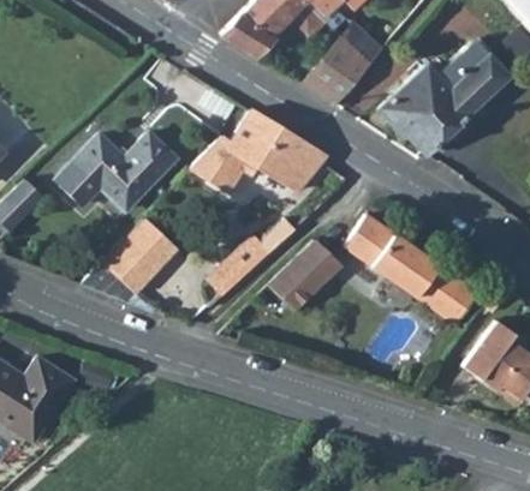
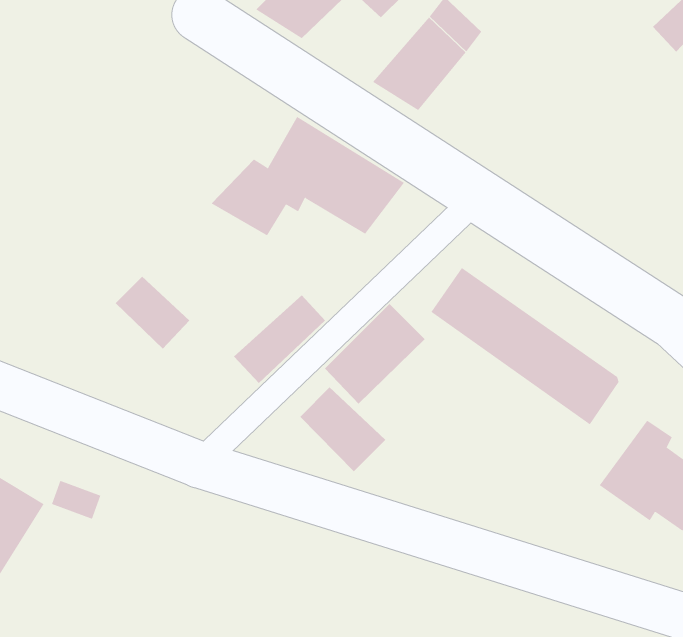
building: [380,38,507,152] -> none
building: [55,130,178,210] -> none
building: [102,238,157,293] -> none
building: none -> [299,387,386,472]

